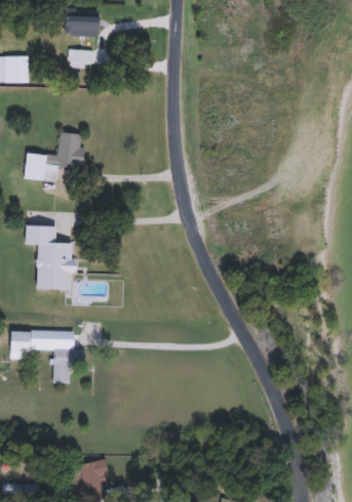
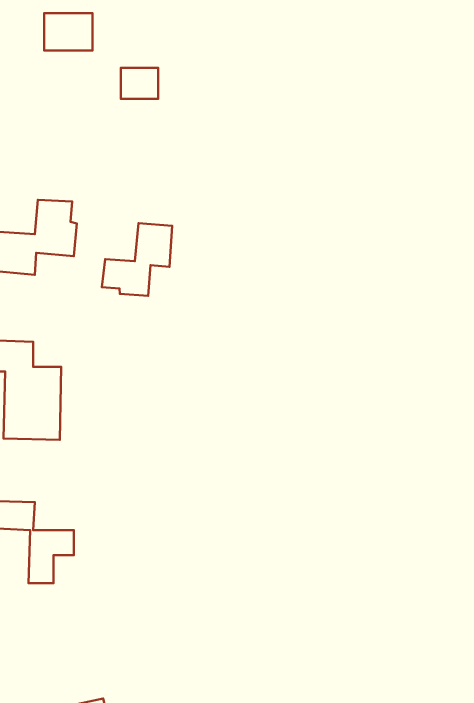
building: [68,49,92,70] -> [121,68,158,99]
building: none -> [102,223,172,296]

